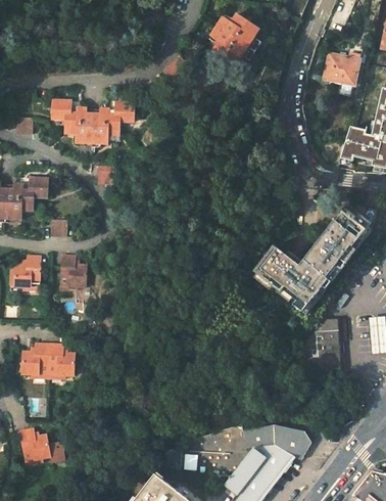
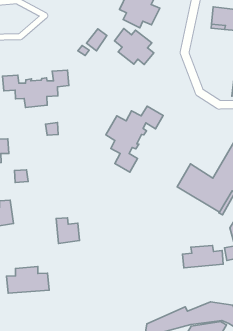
building: none -> [114,29,154,64]
building: none -> [106,106,163,172]
building: [60,259,88,290] -> [56,218,79,243]
building: none -> [183,246,223,268]

